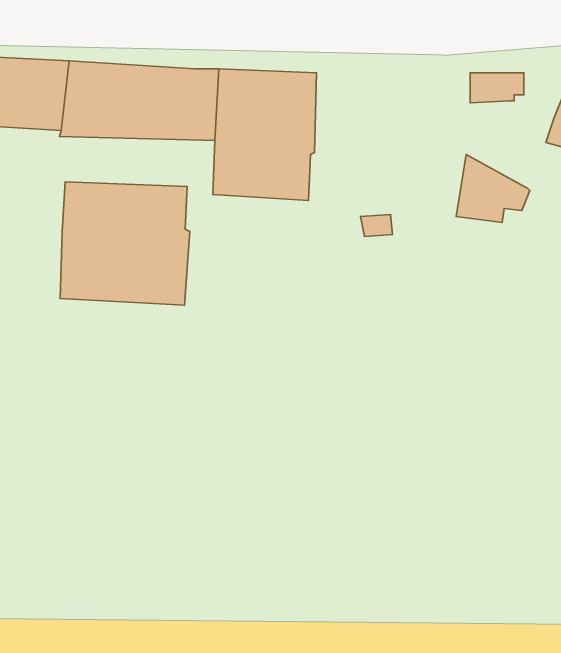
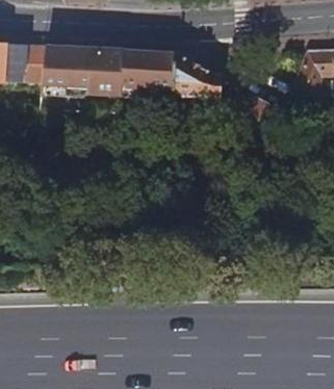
building: none -> [174,51,217,95]
building: [60,182,190,305] -> none

